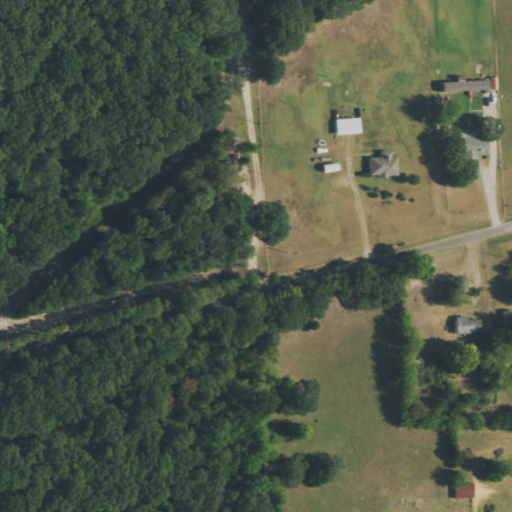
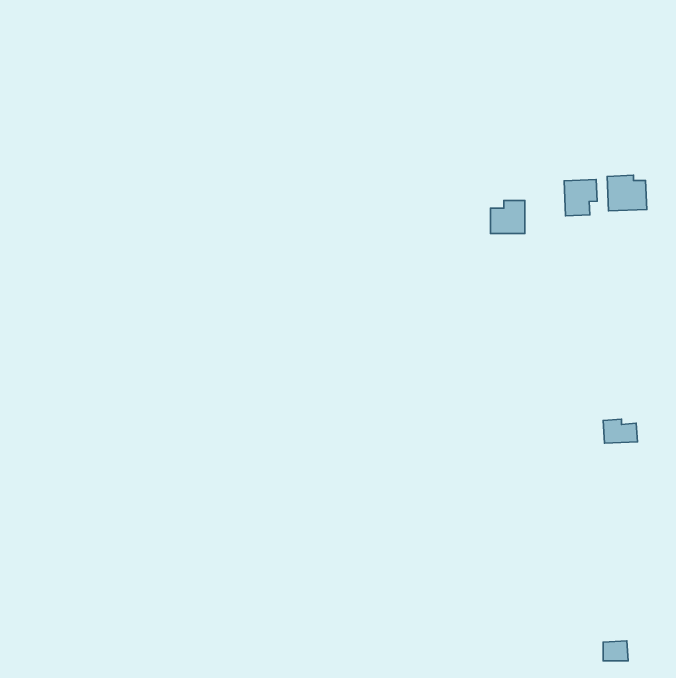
building: [336,118,361,134] -> none
building: none -> [564,180,597,216]

